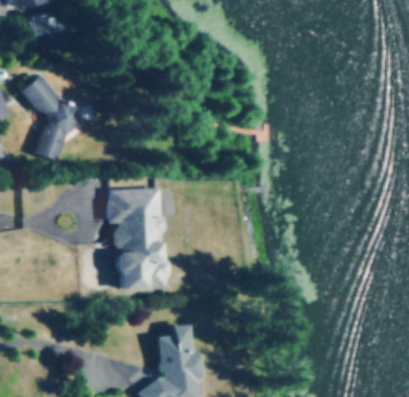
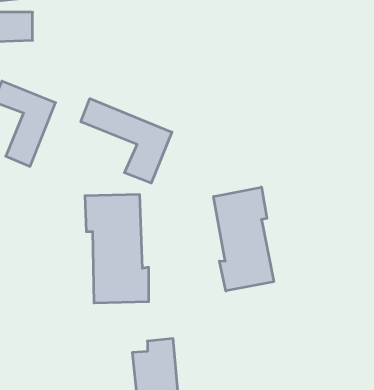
building: none -> [81,99,172,183]
building: none -> [214,187,274,291]

